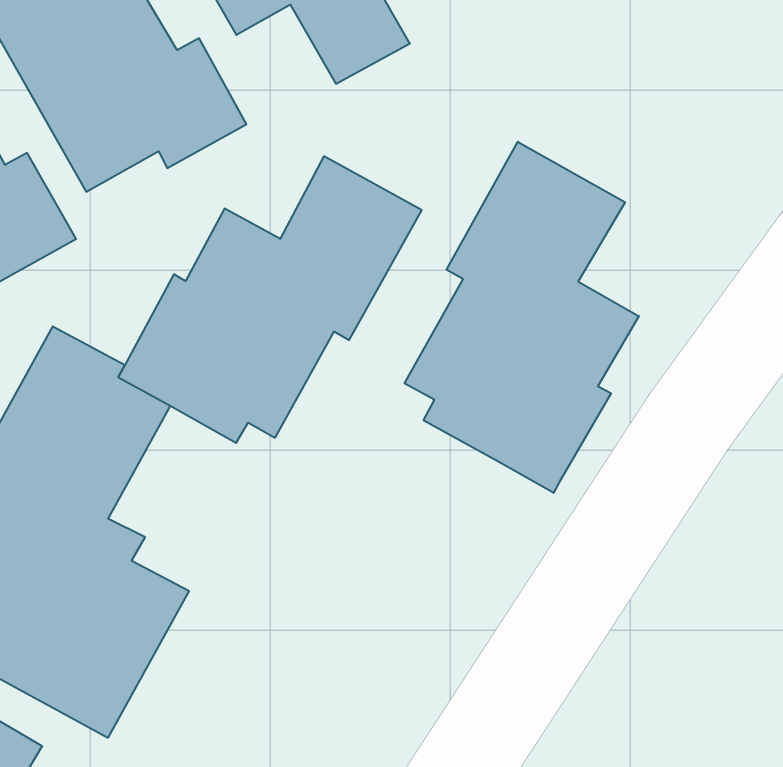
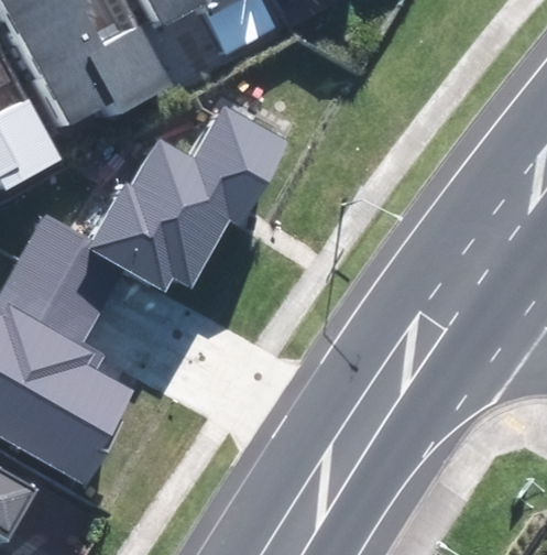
building: [405,142,639,493] -> none

